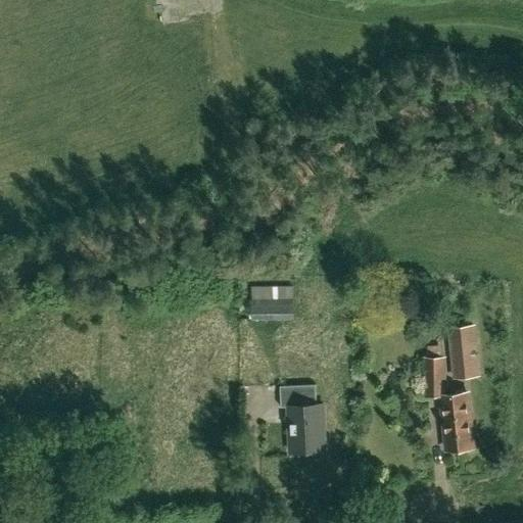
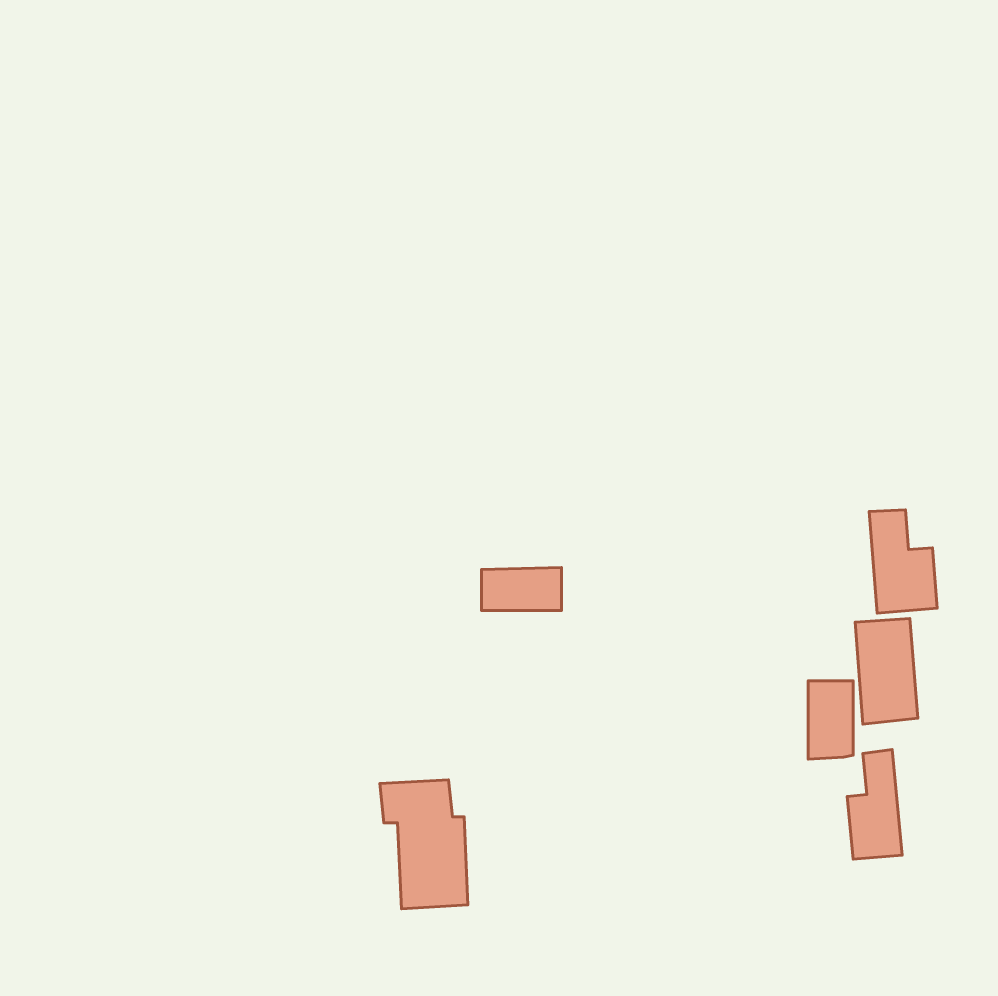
building: none -> [869,510,937,613]
building: [278,386,324,454] -> [380,780,468,909]

